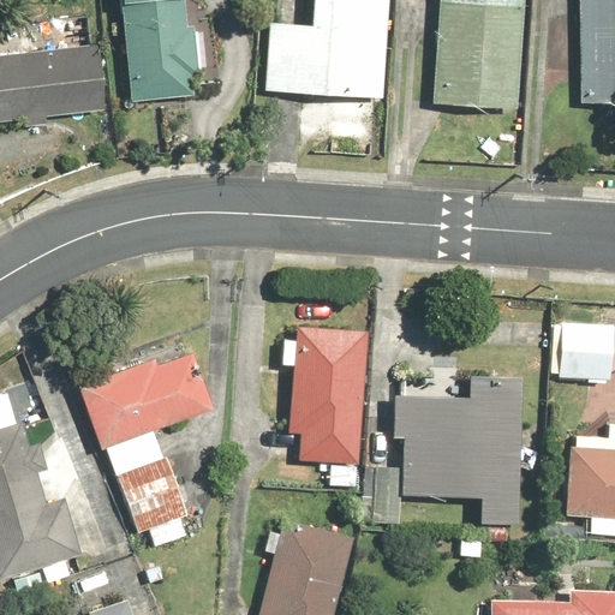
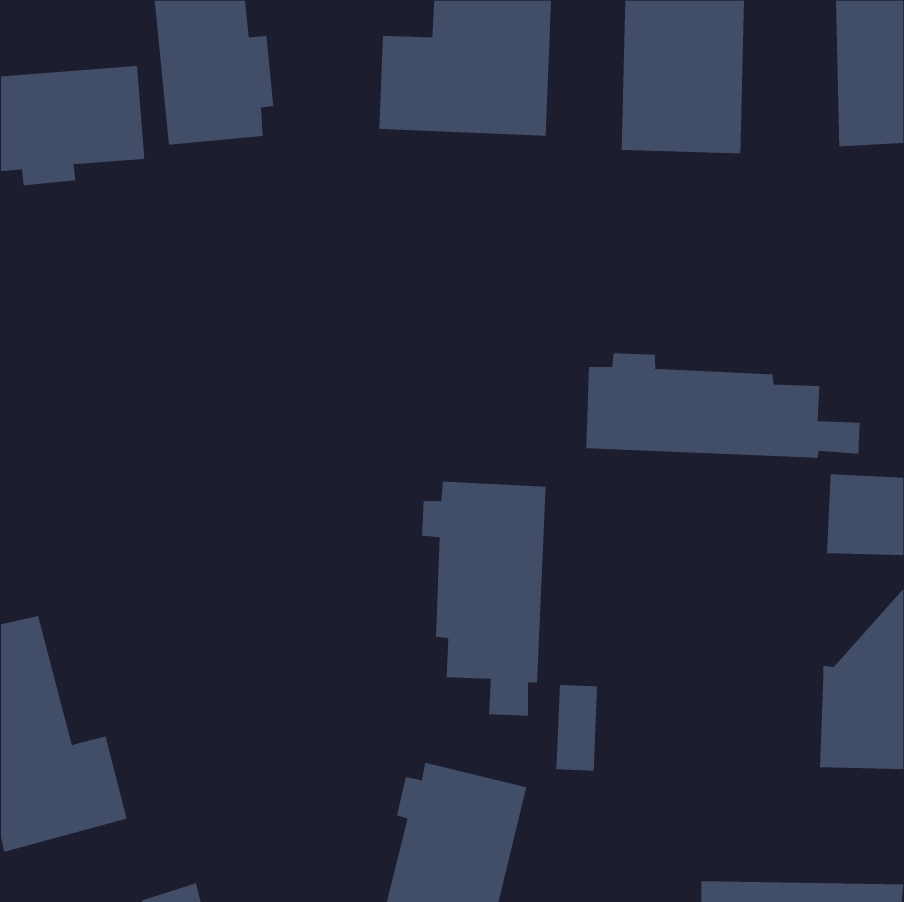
building: none -> [586,353,860,459]
building: [83,346,220,533] -> none
building: [399,375,529,524] -> none

